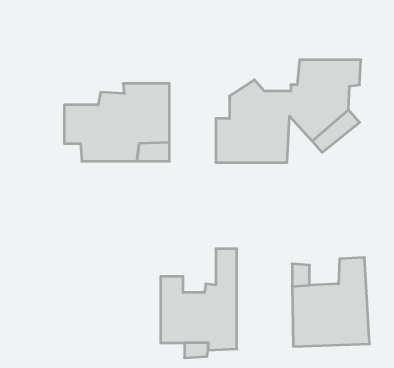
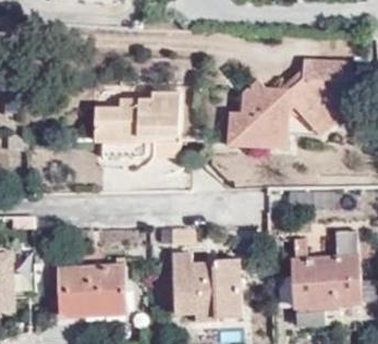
building: none -> [62,265,131,312]

